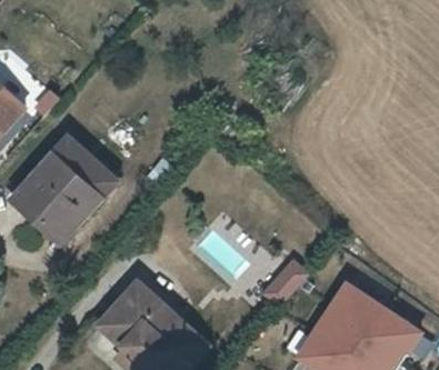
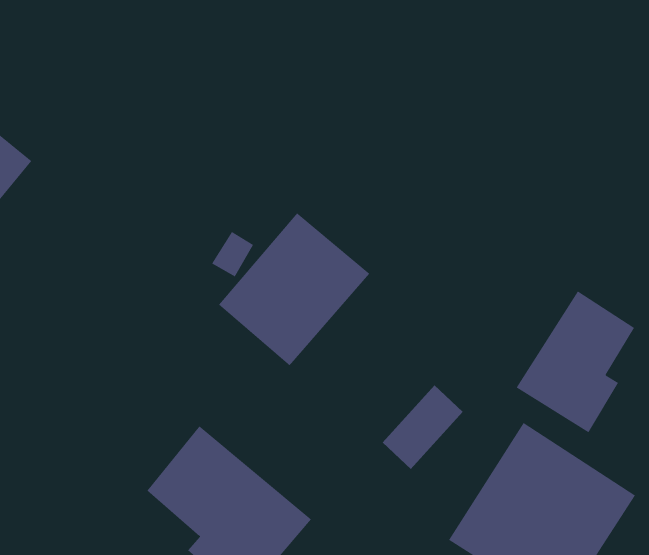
building: [14,140,113,240] -> [218,212,370,366]
building: none -> [516,290,635,433]

